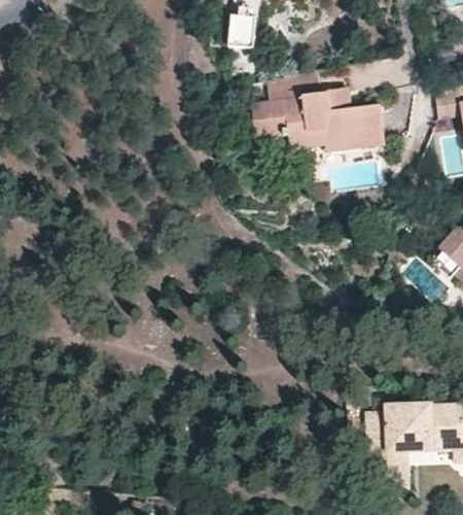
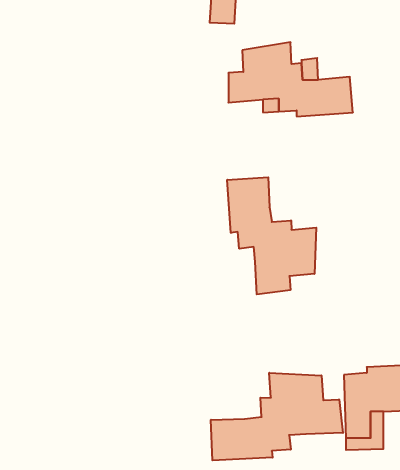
building: none -> [227,177,316,294]
building: none -> [211,373,343,460]

